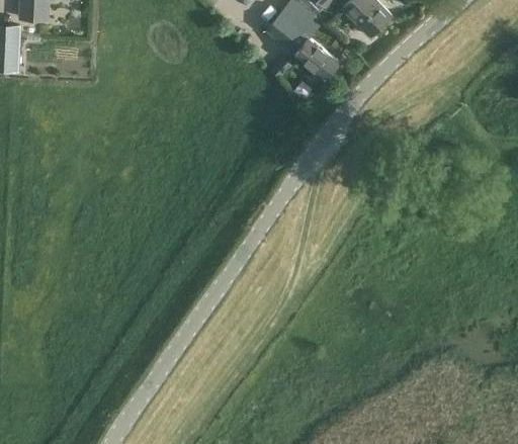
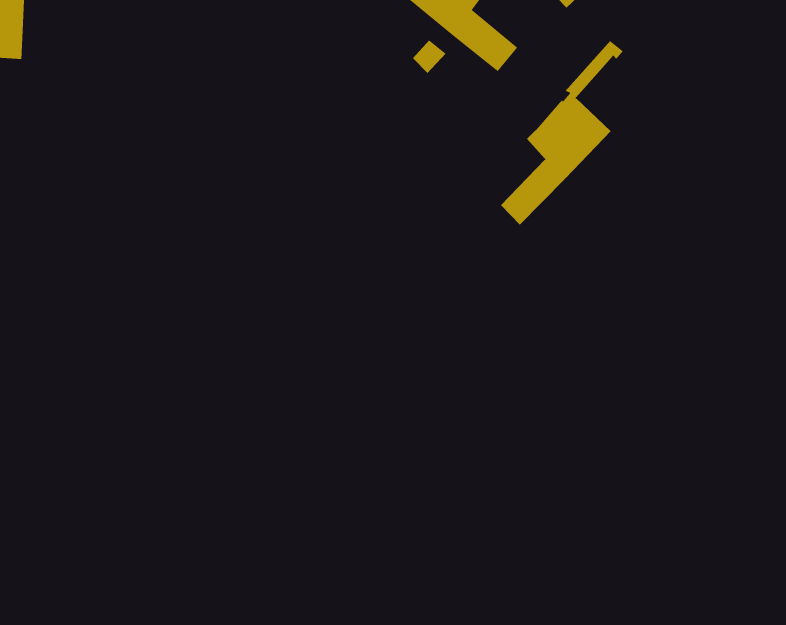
building: none -> [500,40,624,225]

